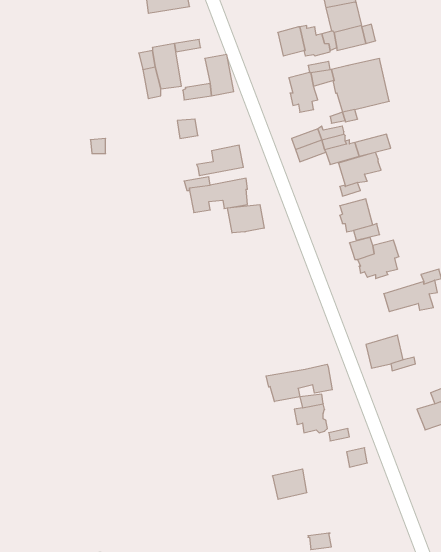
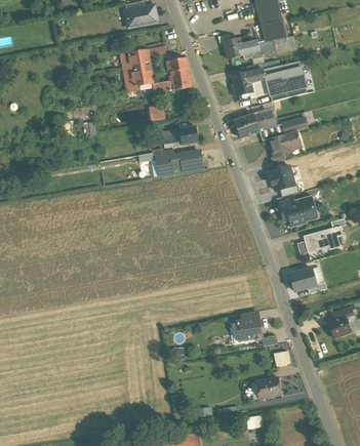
building: [227,205,264,233] -> none
building: [266,364,332,402] -> none
building: [272,469,307,499] -> [255,376,281,399]

